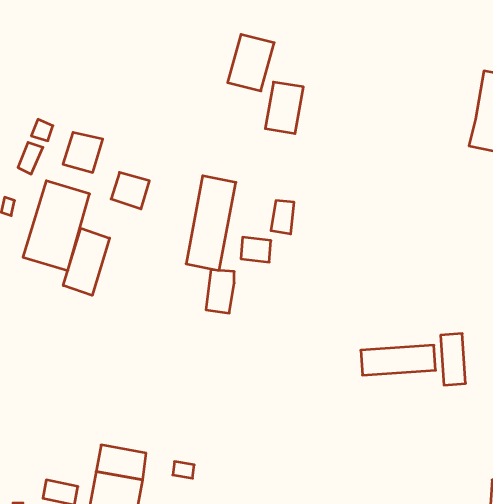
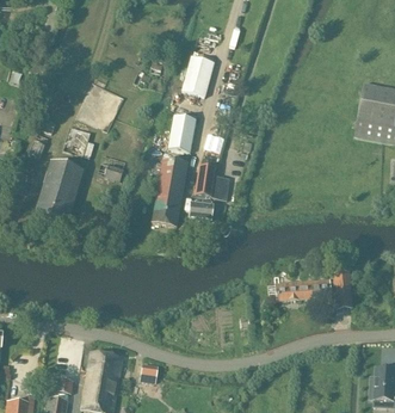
building: [265,82,303,134] -> [168,113,196,150]
building: [63,228,110,295] -> none
building: [206,270,234,313] -> [196,165,216,196]

